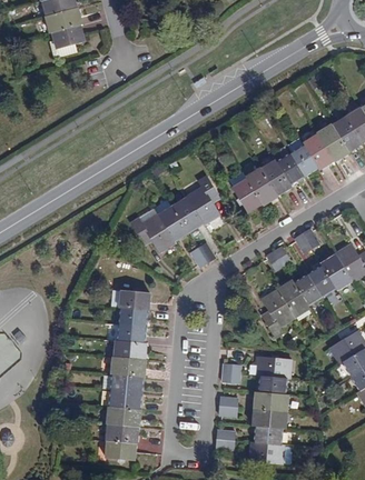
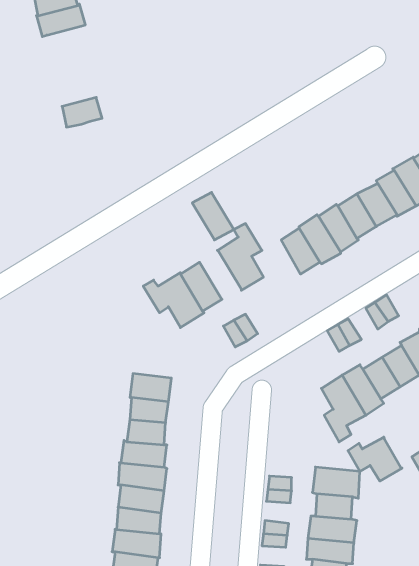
building: [55,27,85,49] -> [62,97,102,127]
building: [169,196,200,231] -> [192,192,234,240]
building: none -> [348,437,402,481]

